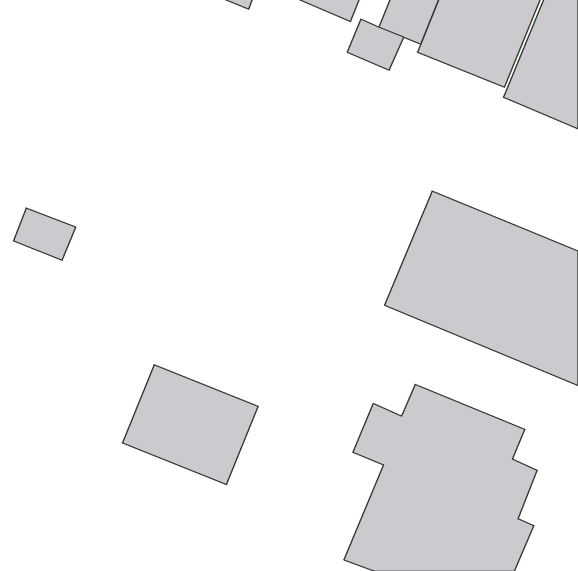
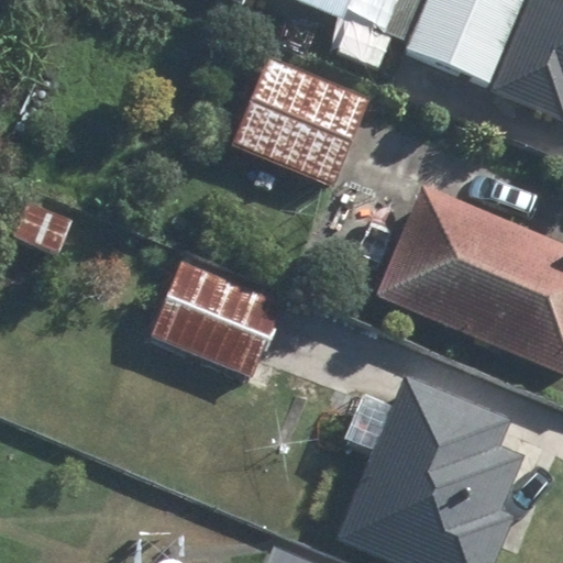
building: none -> [233,57,371,187]
building: [122,365,258,485] -> [152,260,284,376]

